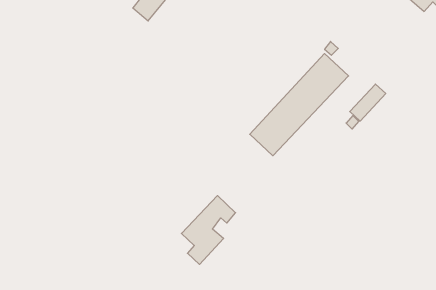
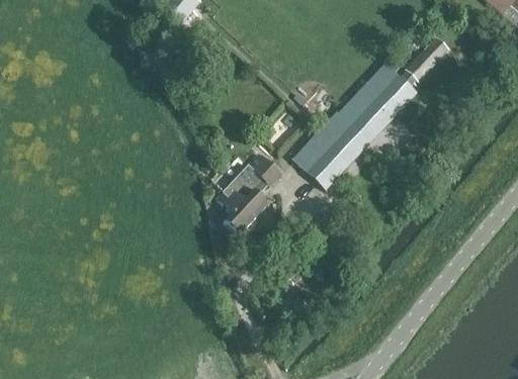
building: [350,84,386,121] -> [407,35,449,79]
building: [181,196,236,264] -> [218,152,281,232]

